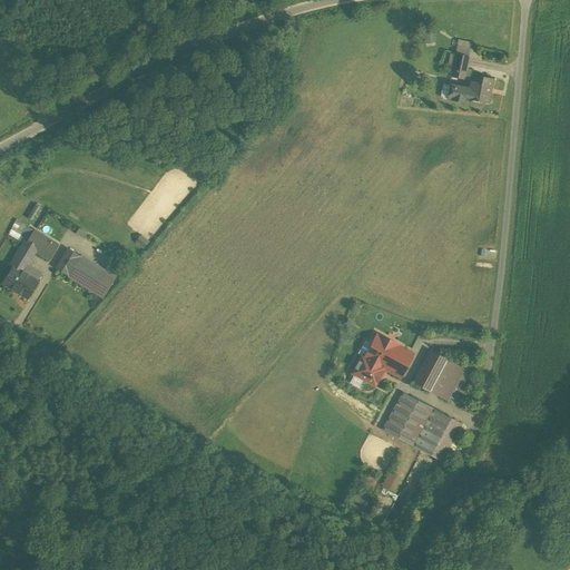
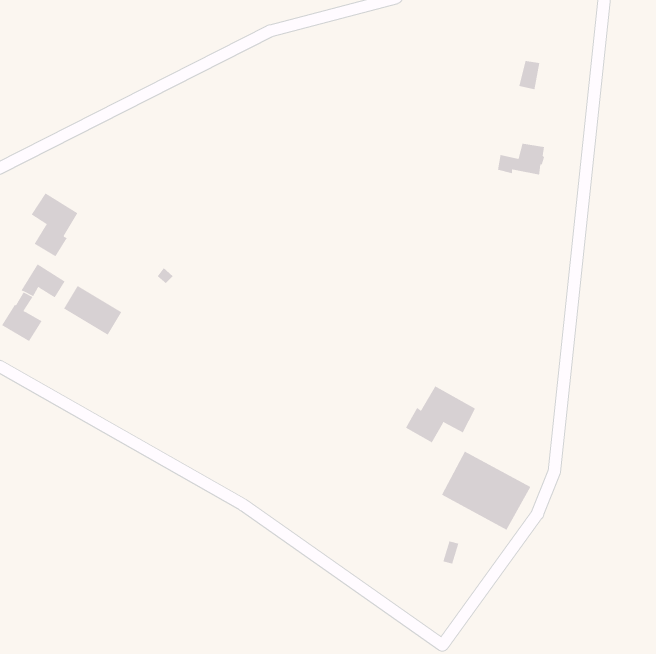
building: [450,73,491,101] -> [497,143,545,175]
building: none -> [31,193,78,257]
building: [412,348,473,404] -> none

